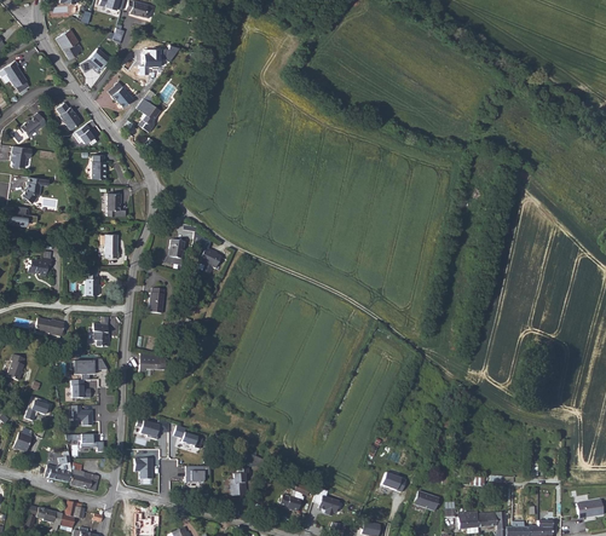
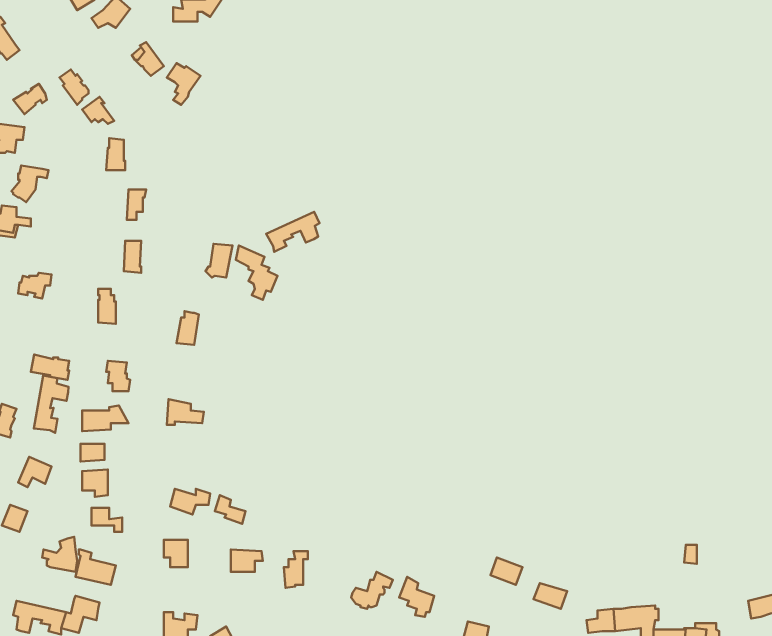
building: none -> [266,212,319,252]
building: none -> [34,376,69,433]

